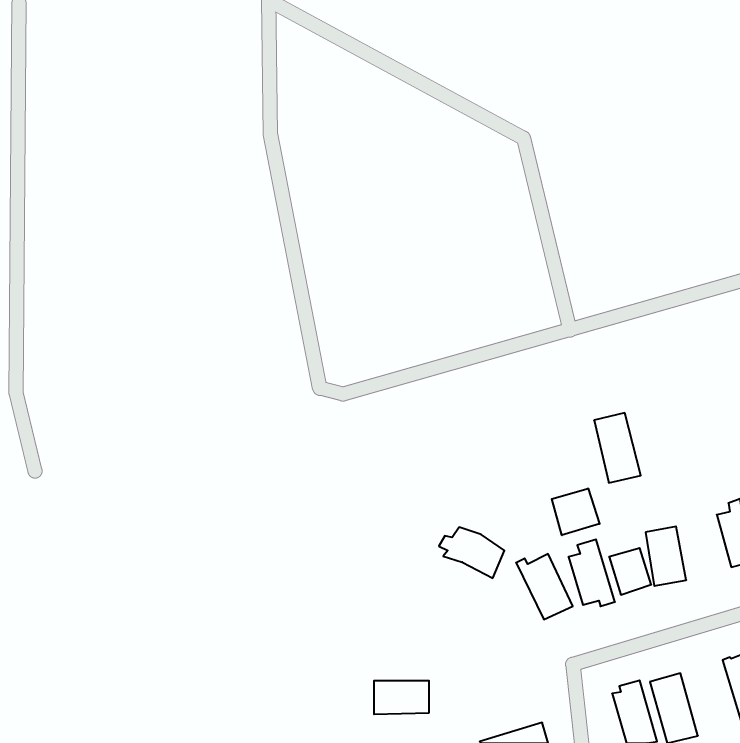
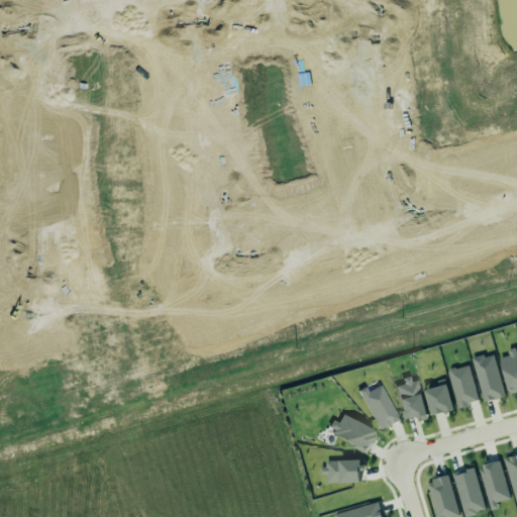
building: [594,413,641,483] -> [474,353,506,402]
building: [552,488,600,535] -> none
building: [439,527,504,578] -> [329,413,375,448]
building: none -> [480,460,510,510]
building: [374,681,429,714] -> [324,460,363,484]

